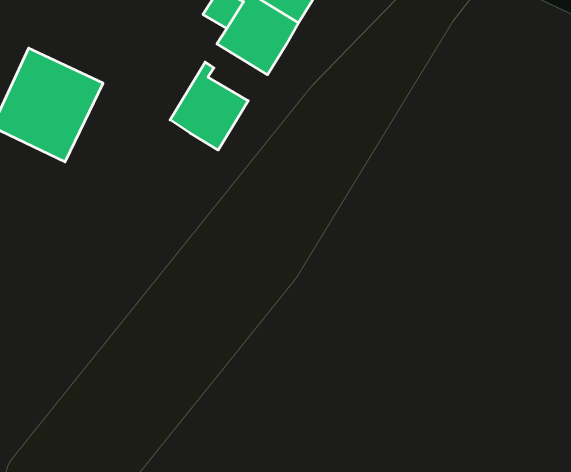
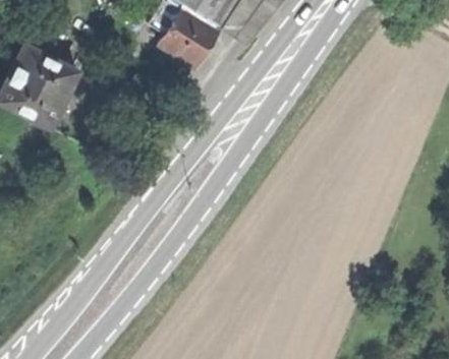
building: [170,62,248,150] -> none

